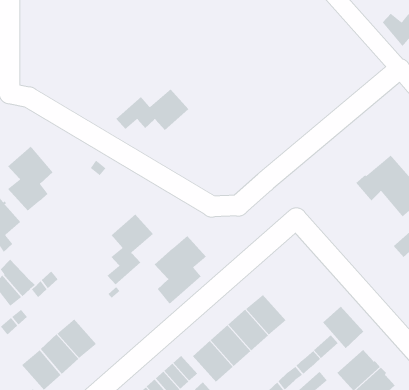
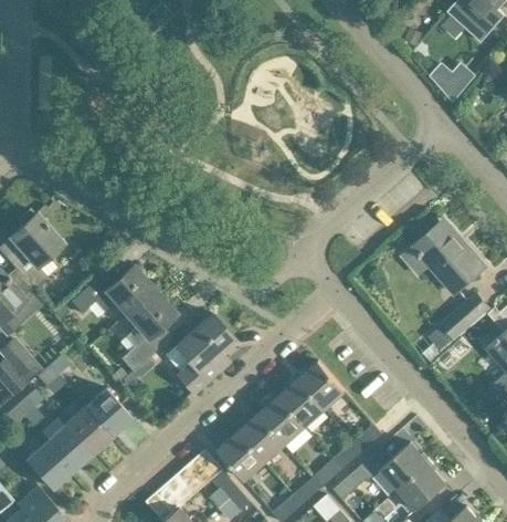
building: [116,88,189,131] -> [70,267,152,314]
building: none -> [84,389,129,437]
building: [322,306,364,349] -> [296,362,344,410]

